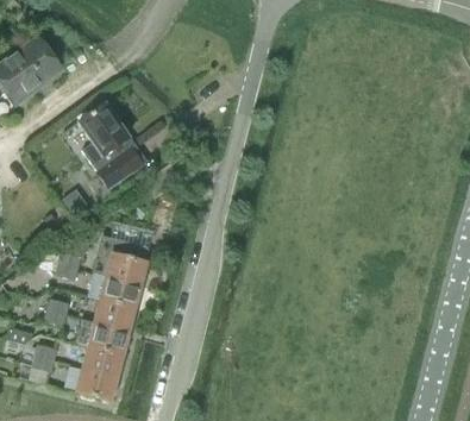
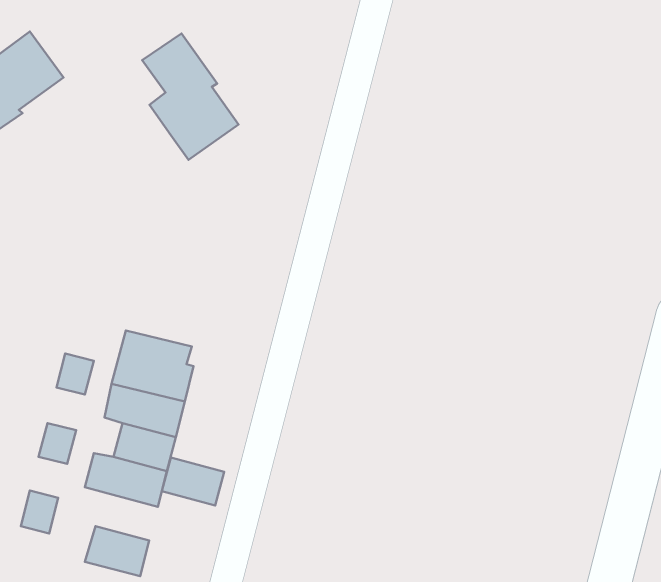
building: [79,105,143,189] -> [142,34,239,160]
building: [82,346,124,378] -> [162,457,224,506]

